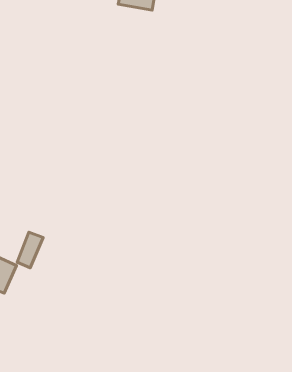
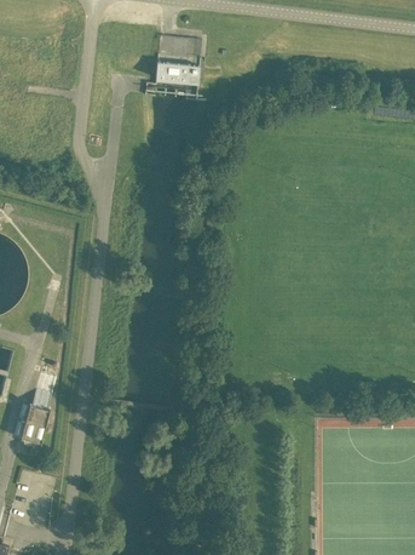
building: [17,232,43,268] -> none

